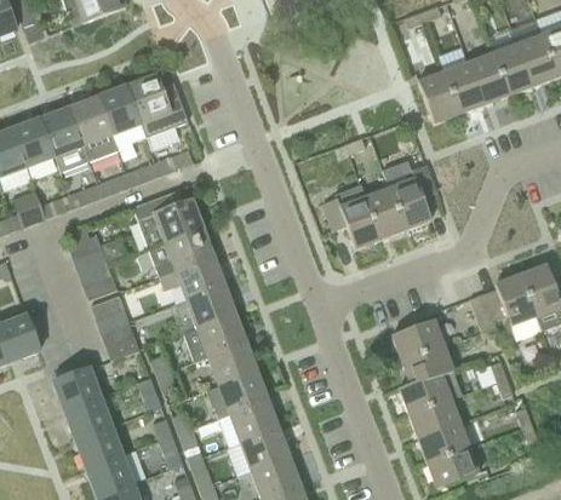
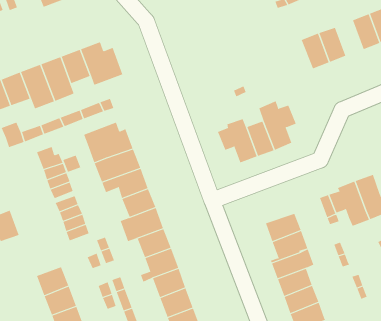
building: [492,44,532,94] -> none
building: [418,71,459,122] -> none
building: [52,367,99,409] -> none

